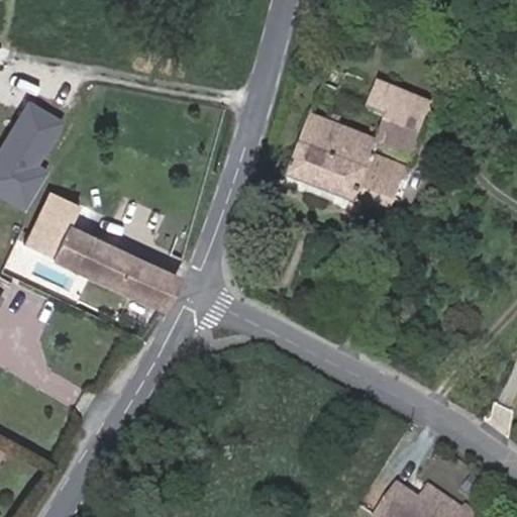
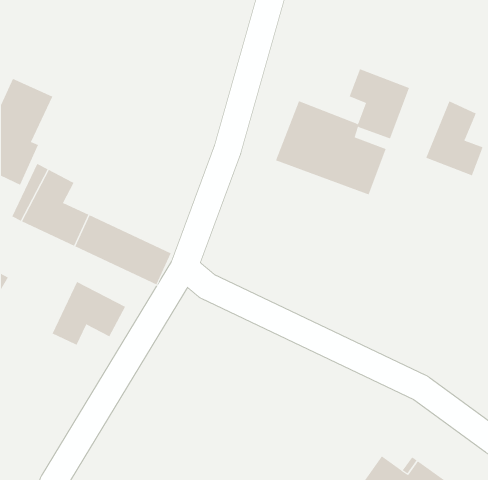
building: none -> [425,101,483,176]
building: none -> [52,281,126,346]

